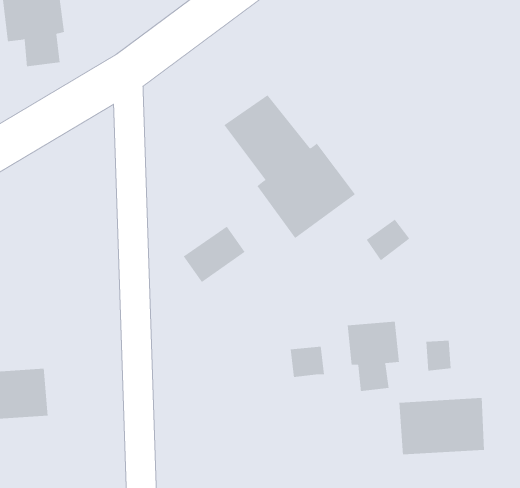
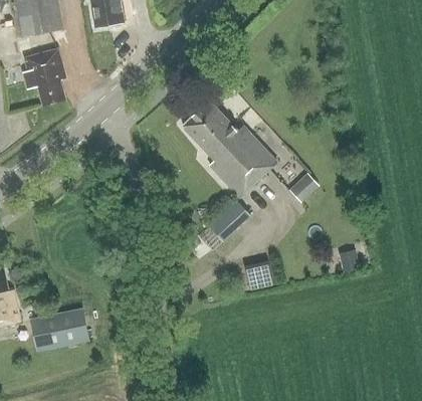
building: [183,226,246,283] -> [207,199,249,240]
building: [347,321,400,392] -> none
building: [399,397,485,455] -> none

